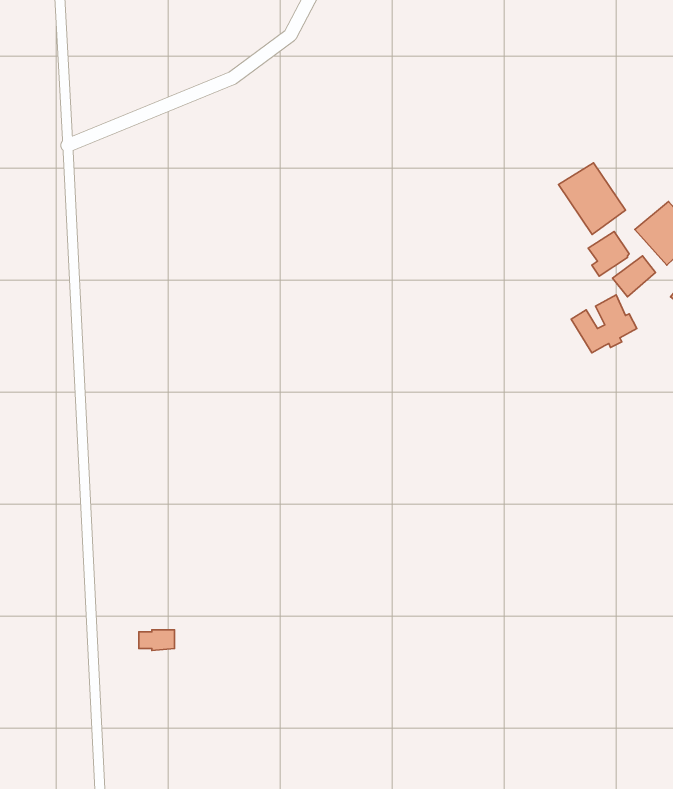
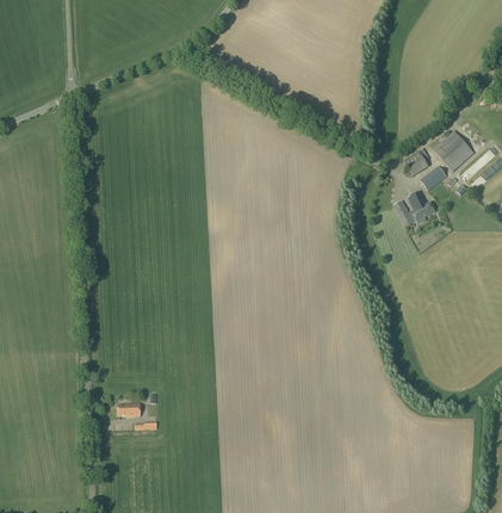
building: [559,163,625,235] -> none

